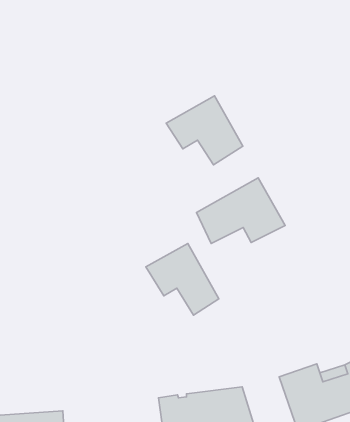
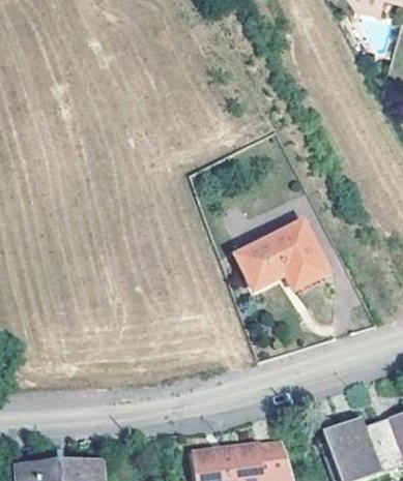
building: [166,96,243,165] -> none
building: [146,243,219,315] -> none

